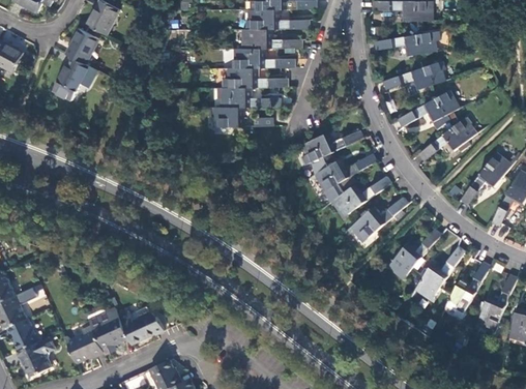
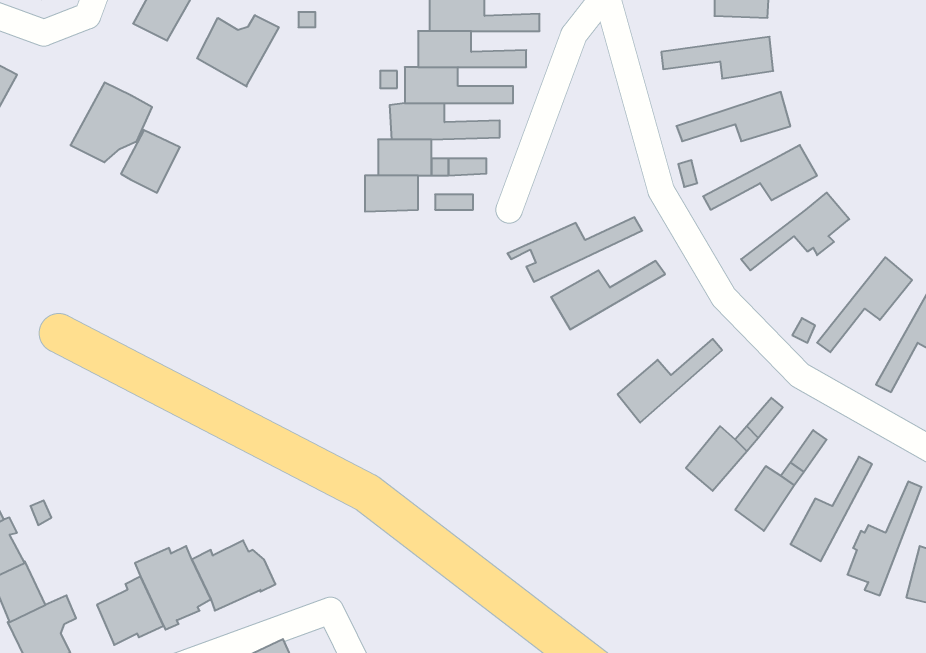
building: none -> [197,15,279,87]
building: [65,30,97,64] -> [121,130,180,193]
building: [331,175,391,217] -> none

